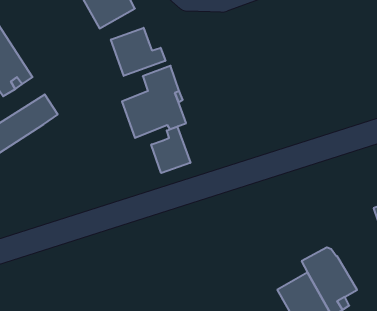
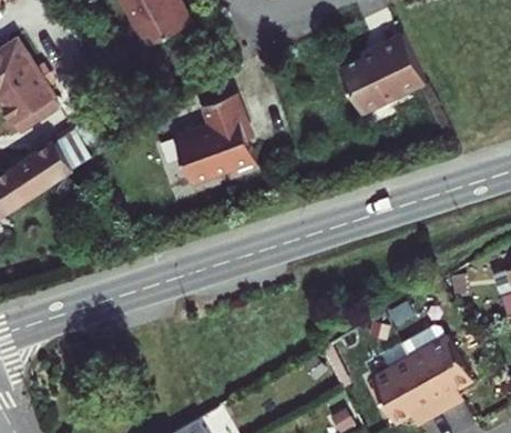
building: none -> [340,32,425,112]
building: [111,28,165,76] -> none
building: [151,126,190,173] -> none

